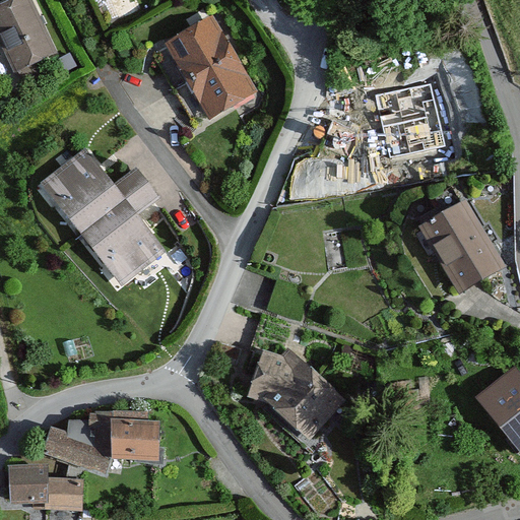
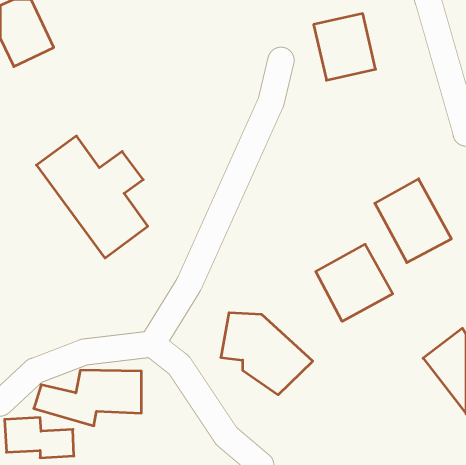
building: [166,14,260,122] -> none
building: [377,82,446,156] -> [314,14,376,80]
building: none -> [316,244,393,321]

